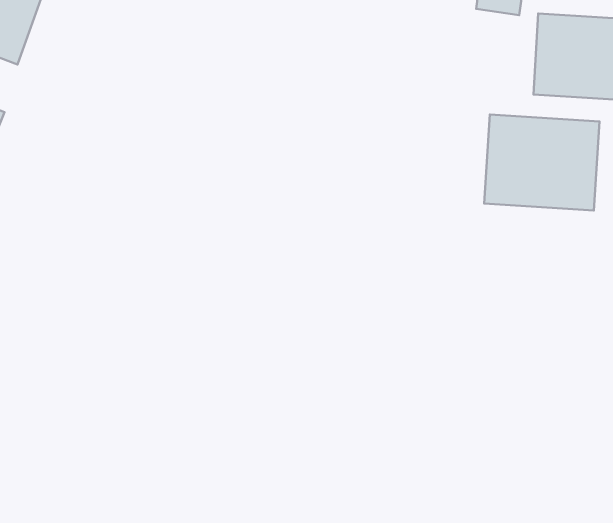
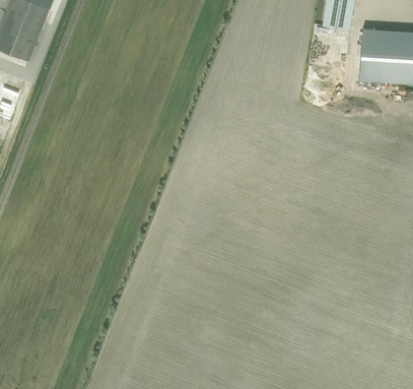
building: [484,115,599,210] -> none

